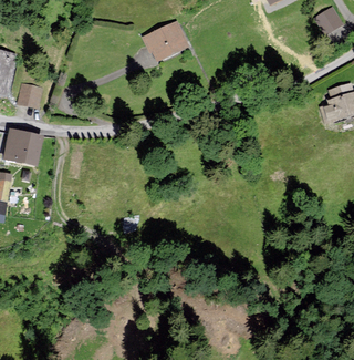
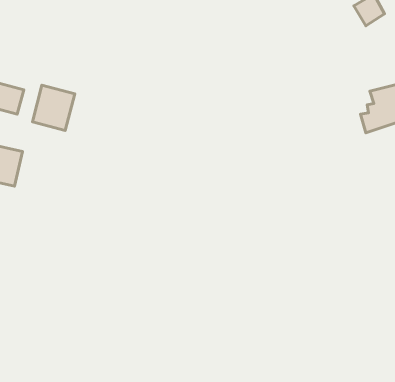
building: [144,21,187,61] -> none
building: none -> [32,85,75,130]

